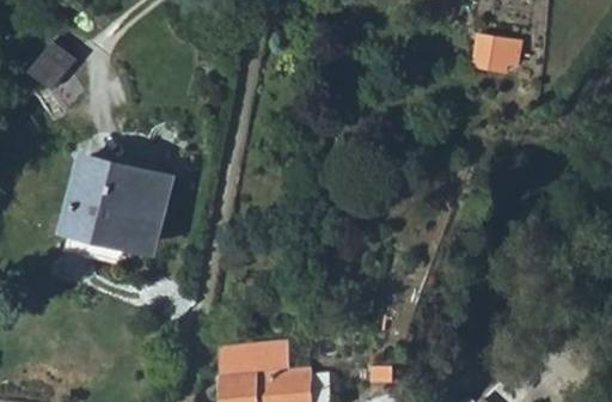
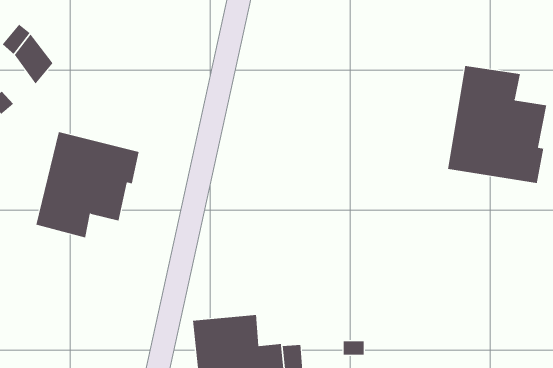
building: [472,32,520,69] -> none
building: none -> [447,65,547,184]

